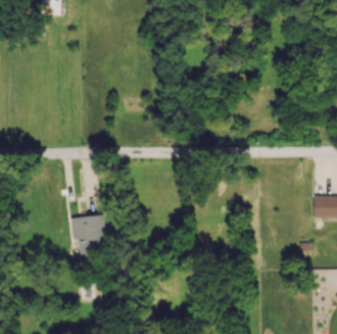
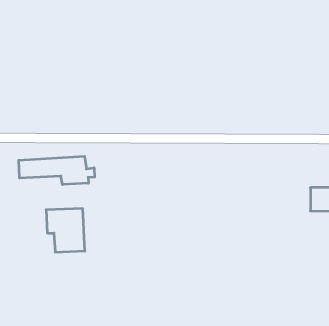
building: none -> [19,156,95,185]

